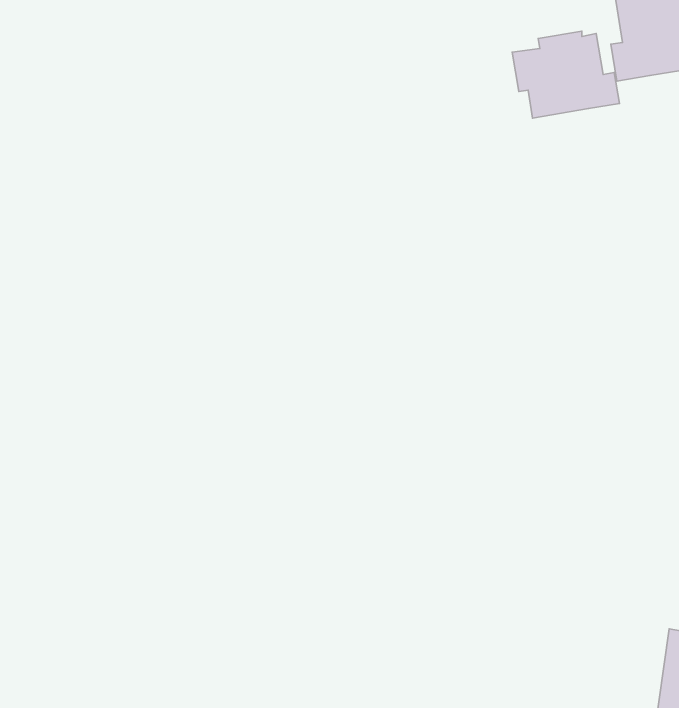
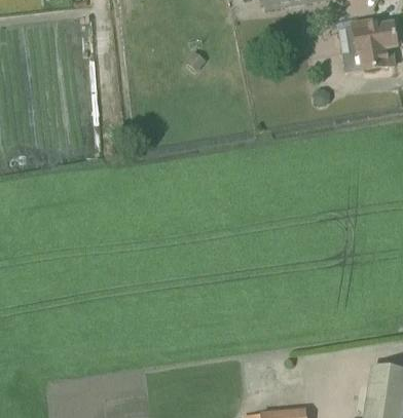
building: [512,31,620,118] -> none

